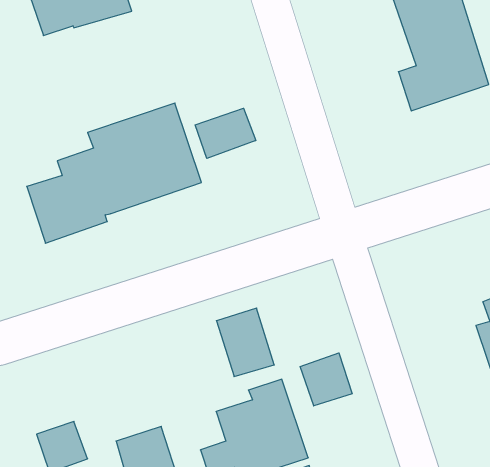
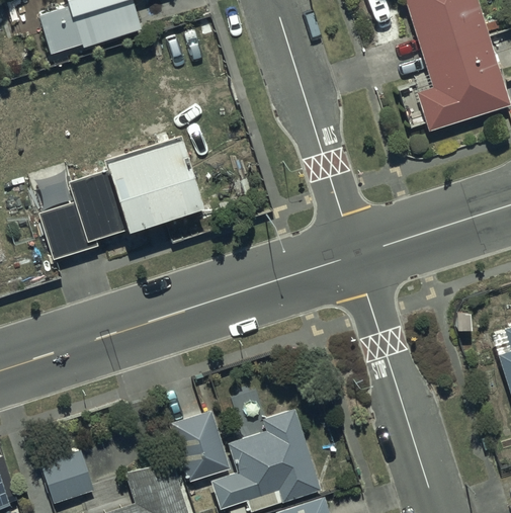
building: [195,108,256,158] -> none
building: [216,308,274,377] -> [170,411,230,482]
building: [300,353,352,406] -> none

